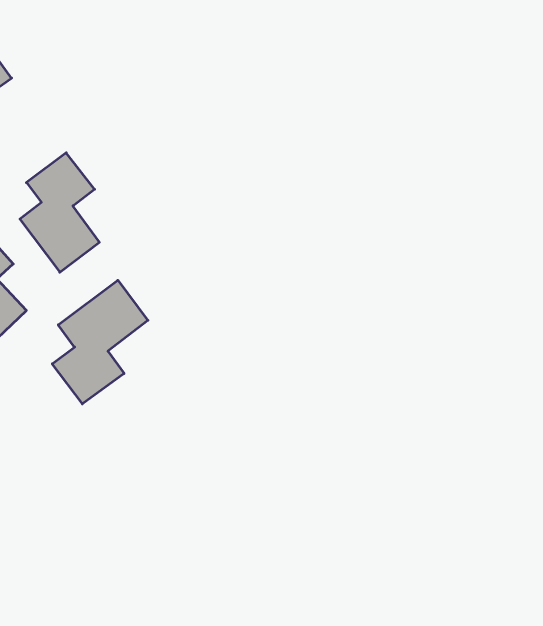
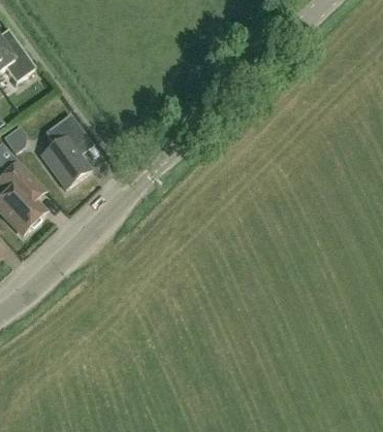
building: [52,280,148,404] -> none

